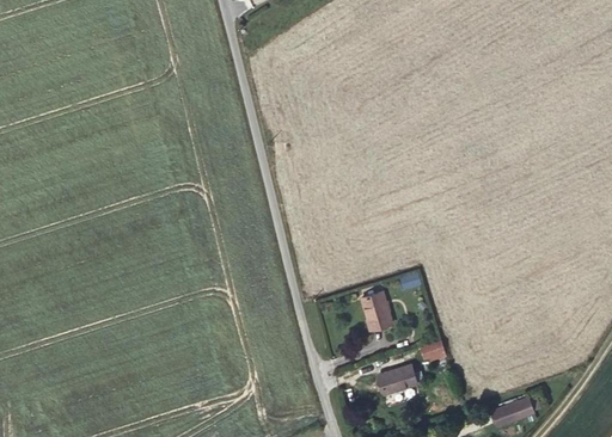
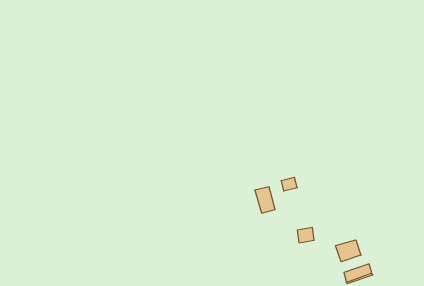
building: [380,364,418,393] -> none
building: none -> [336,240,361,262]

